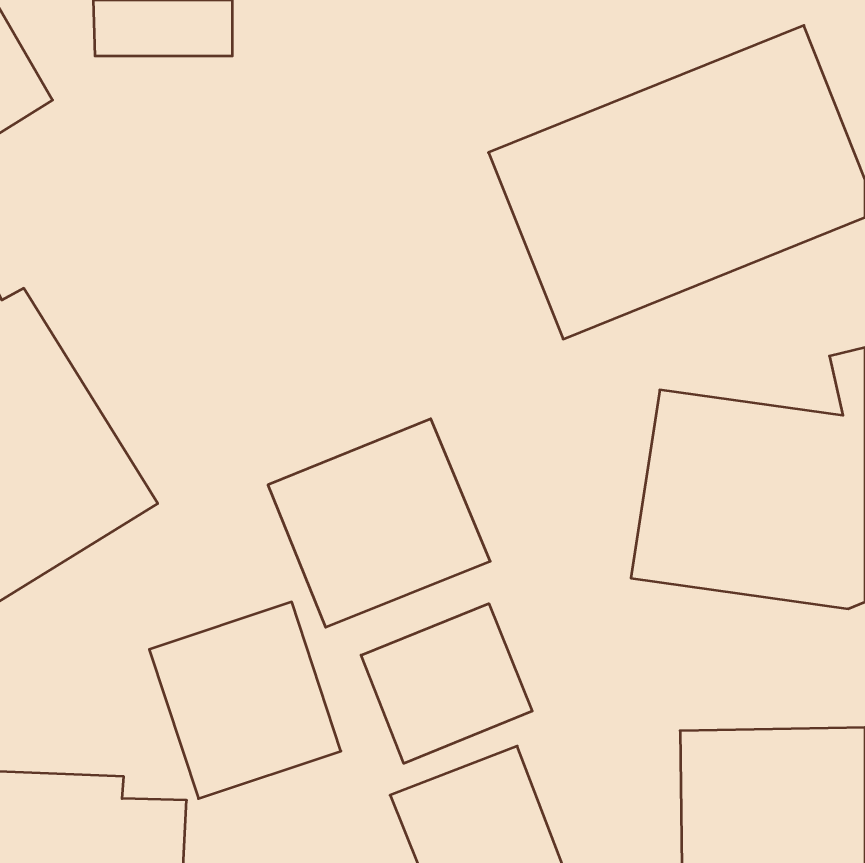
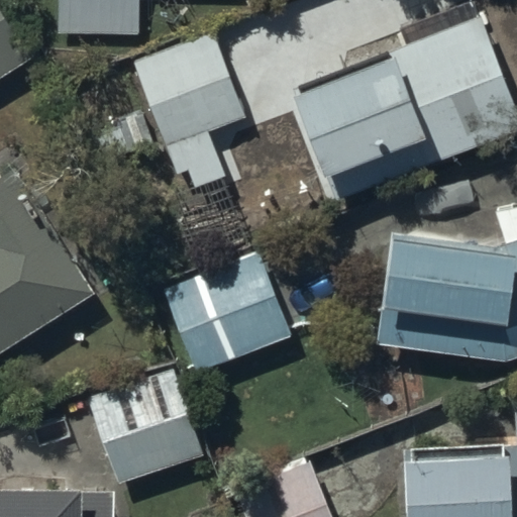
building: none -> [132,31,245,192]
building: [361,604,532,763] -> none

